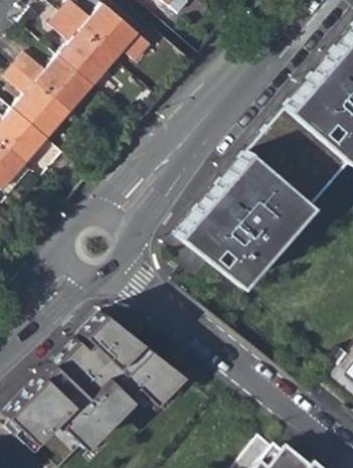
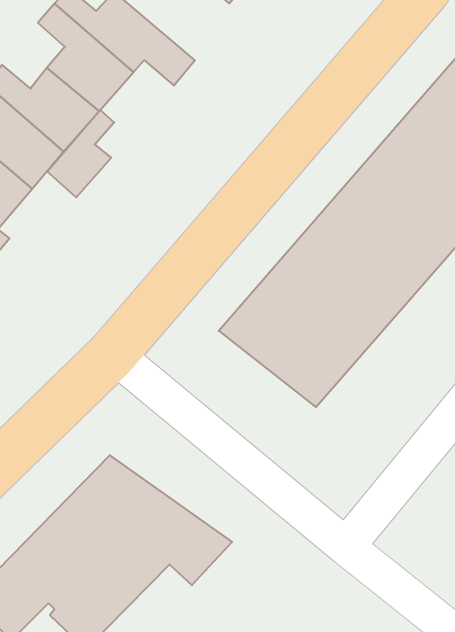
building: none -> [47,110,114,197]

